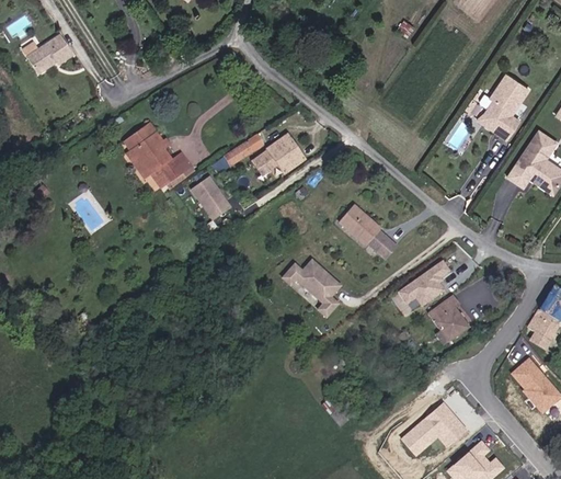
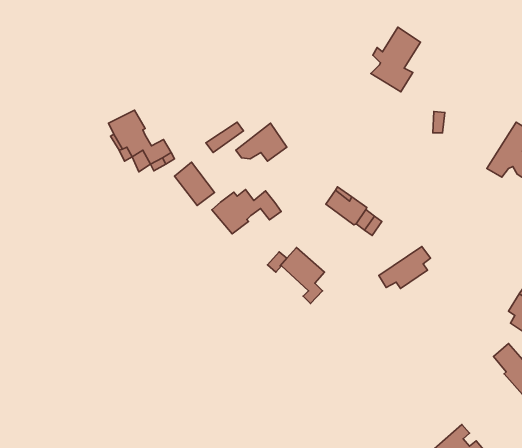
building: [25,35,72,75] -> none
building: [473,79,524,145] -> [371,27,420,92]
building: none -> [212,189,281,234]
building: [426,292,467,339] -> none
building: [401,403,466,455] -> none

